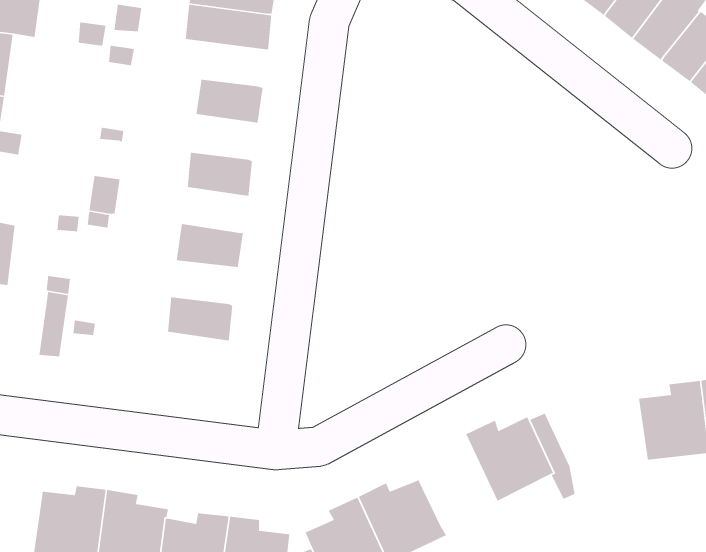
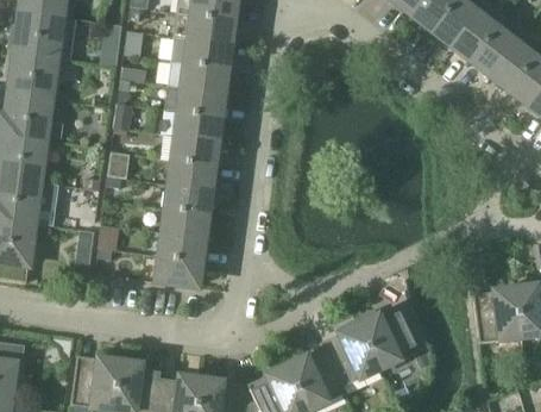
building: none -> [168,61,227,93]
building: none -> [175,111,220,142]
building: none -> [169,160,214,189]
building: none -> [162,208,207,238]
building: none -> [156,256,201,287]
building: none -> [322,324,379,386]

